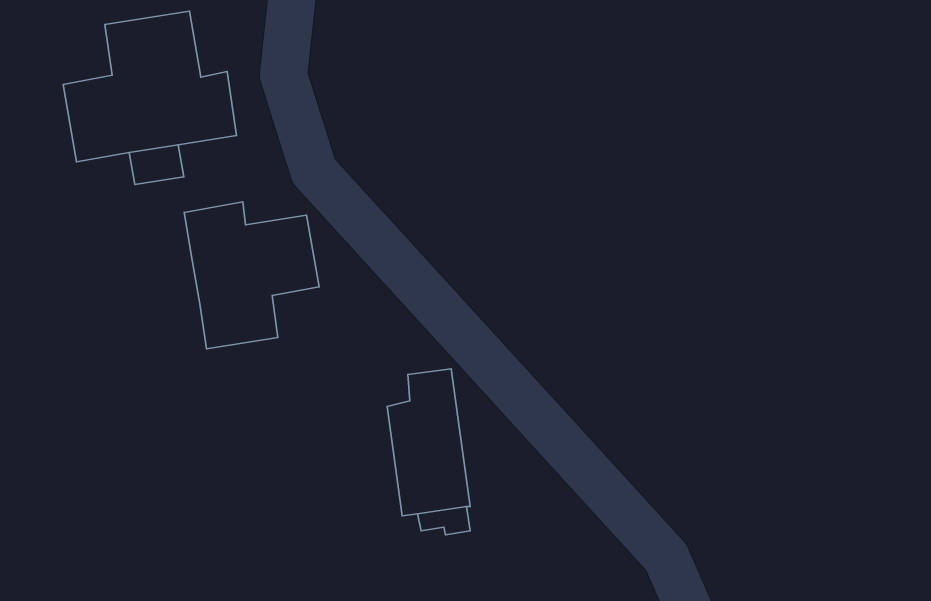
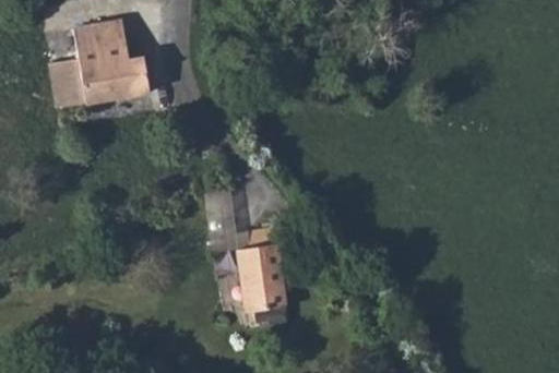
building: [184,202,319,349] -> none

